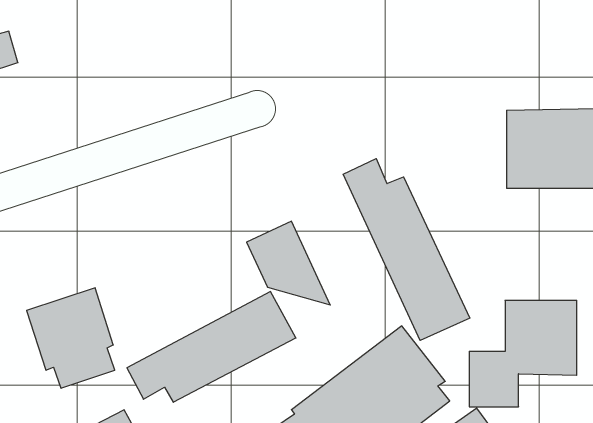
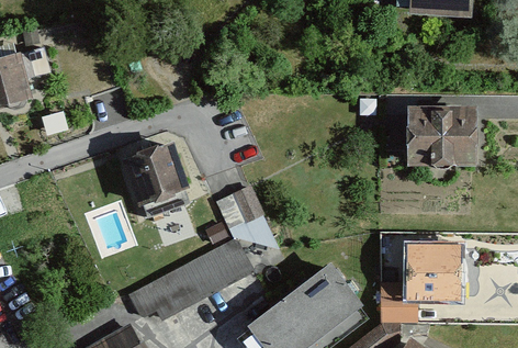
building: [343,159,470,340] -> none
building: [27,288,115,388] -> [123,144,188,217]

